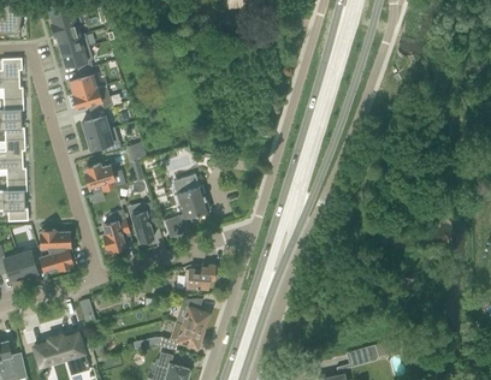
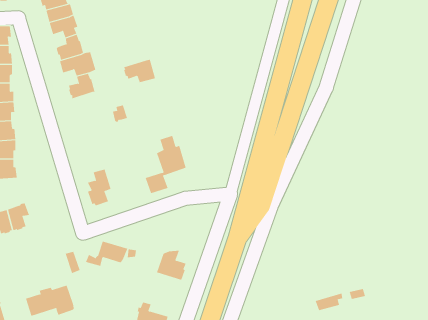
building: [85,129,120,154] -> [123,59,156,83]
building: [84,165,124,192] -> none
building: [131,203,158,244] -> none
building: [36,231,72,272] -> none
building: [183,265,214,291] -> none
building: [158,322,203,350] -> [85,241,128,267]

